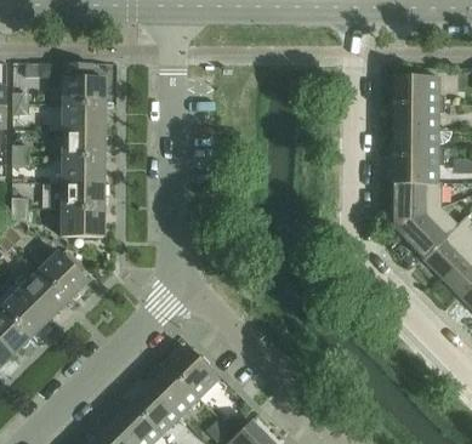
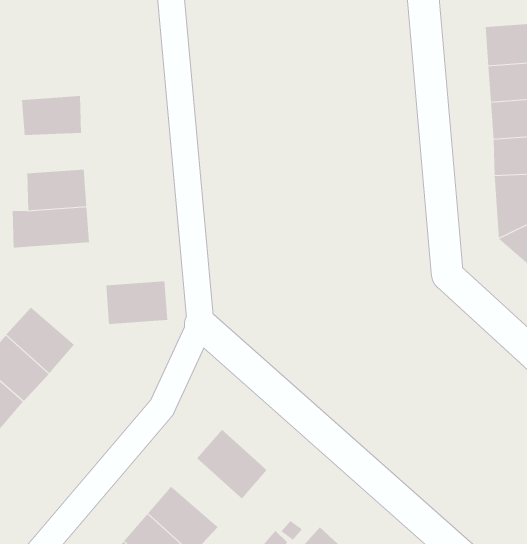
building: [62,63,104,104] -> none
building: [62,130,103,156] -> none
building: [61,209,103,237] -> [105,281,168,324]
building: [148,366,198,416] -> none

